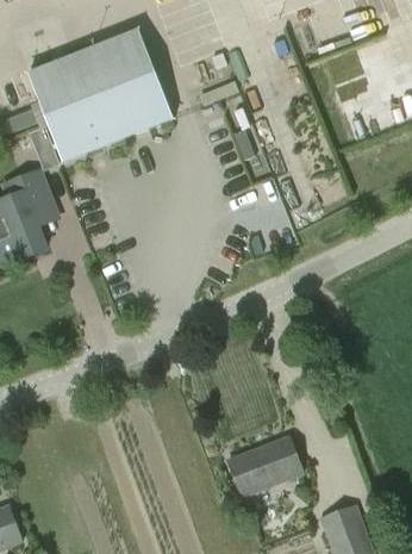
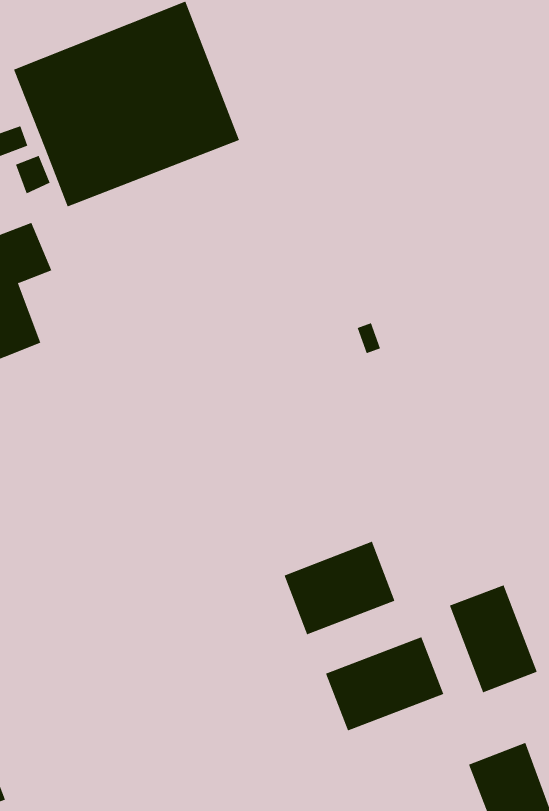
building: none -> [284,541,395,635]
building: none -> [449,584,538,693]

